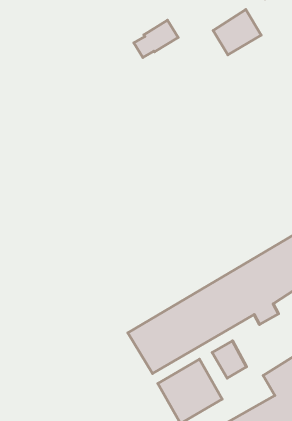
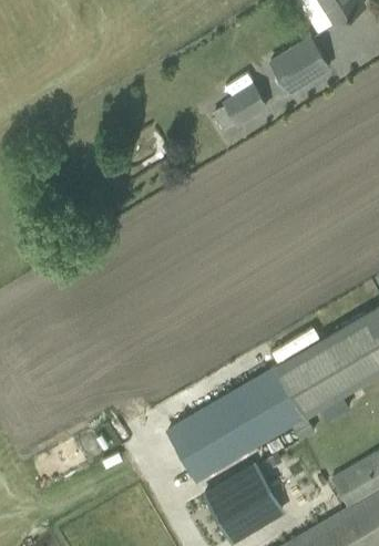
building: [134,20,178,57] -> [212,86,266,132]
building: [212,341,247,378] -> none

